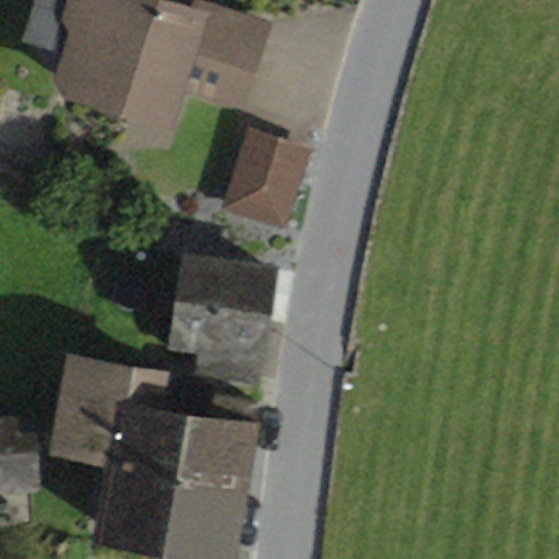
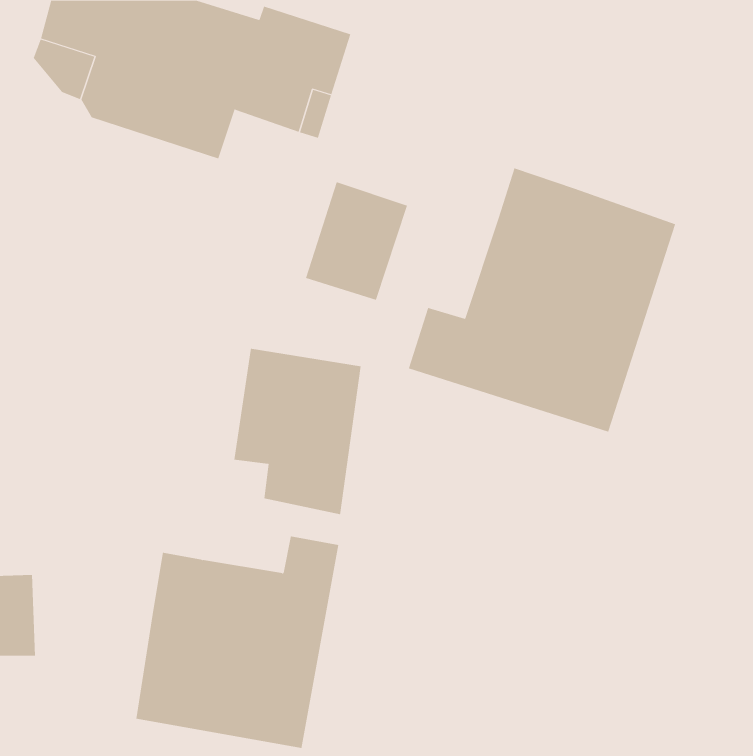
building: none -> [408,167,676,433]
building: [53,361,157,454] -> none

